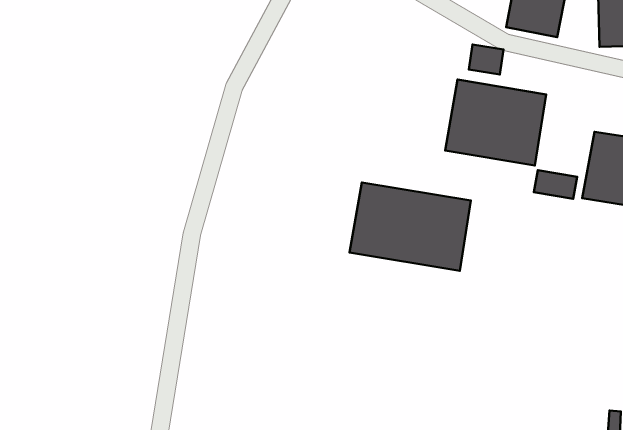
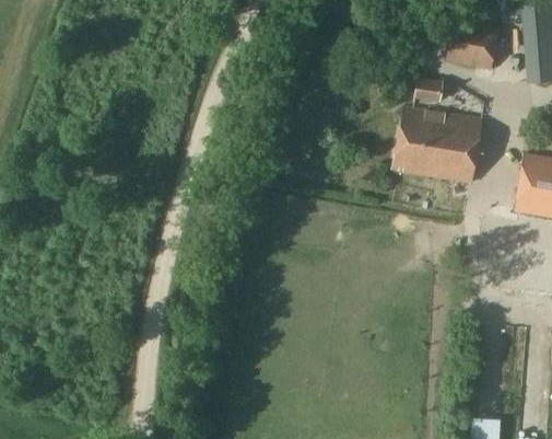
building: [534,170,577,199] -> none
building: [350,183,471,271] -> none

